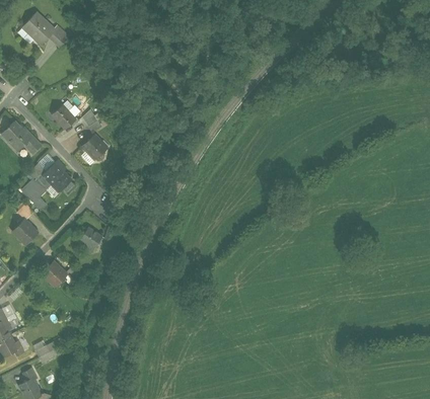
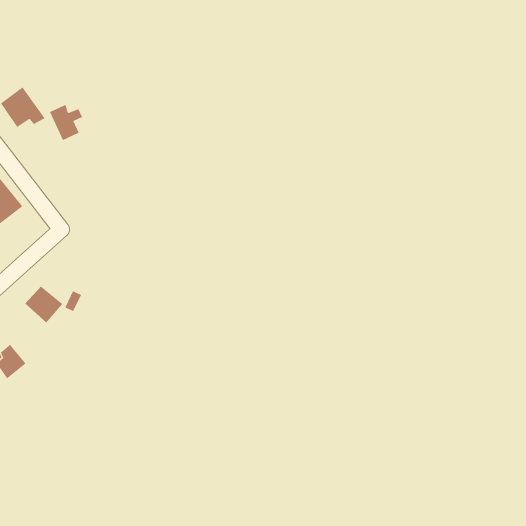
building: [80,135,108,162] -> none

